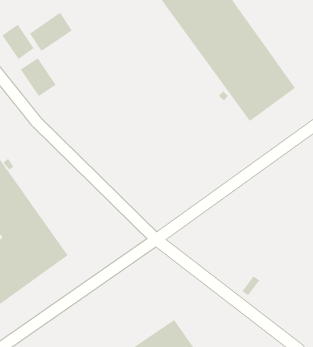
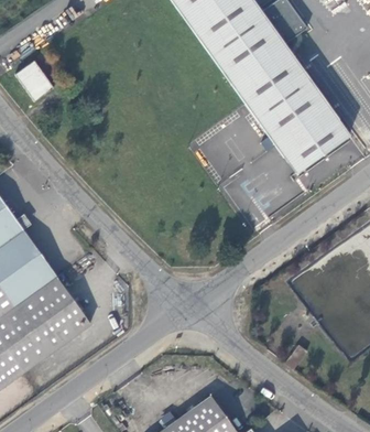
building: [29,12,72,52] -> none
building: [20,58,57,97] -> none

